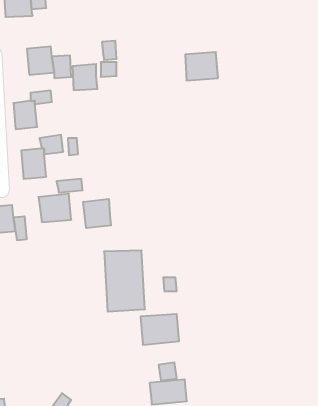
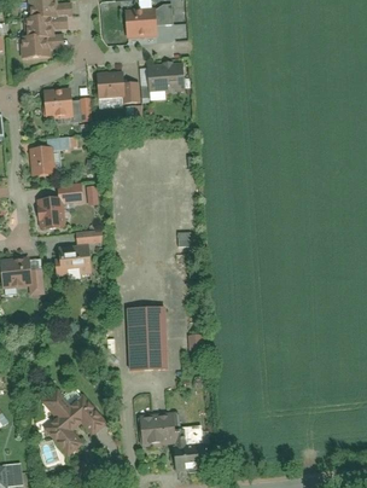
building: [185,52,218,80] -> [148,60,183,91]
building: [72,64,97,90] -> [98,69,124,97]
building: [83,199,111,228] -> none
building: [141,314,179,345] -> [139,412,180,445]
building: none -> [42,388,106,454]

